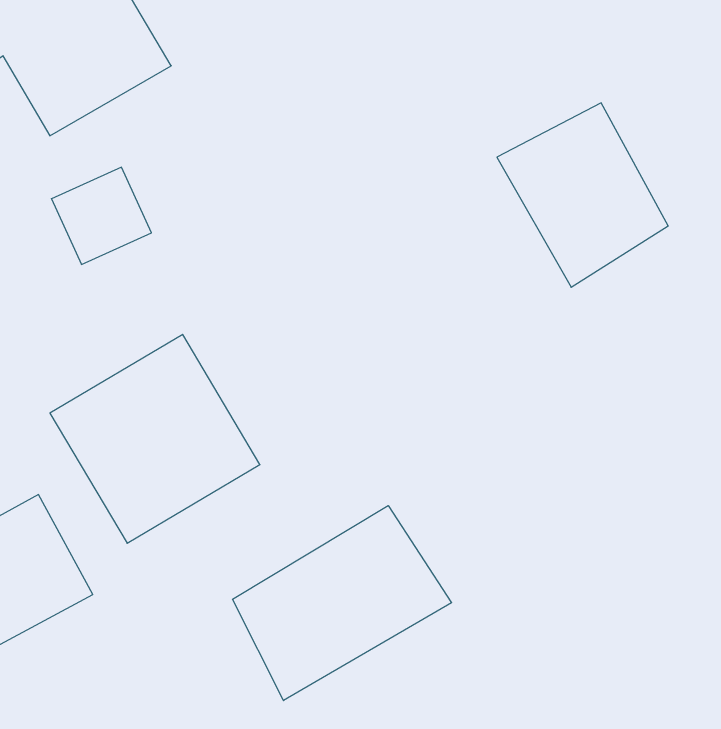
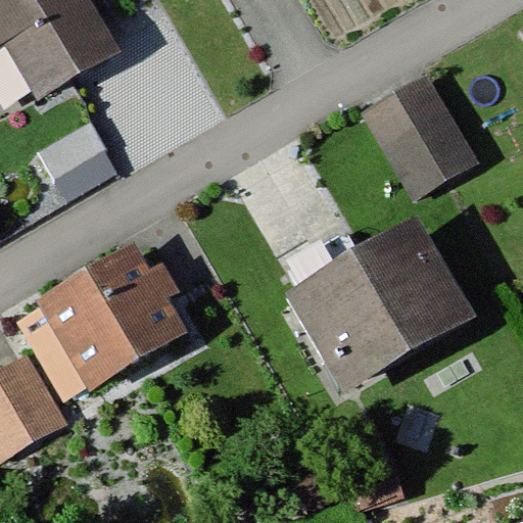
building: none -> [282,216,474,393]
building: [233,506,452,701] -> none

